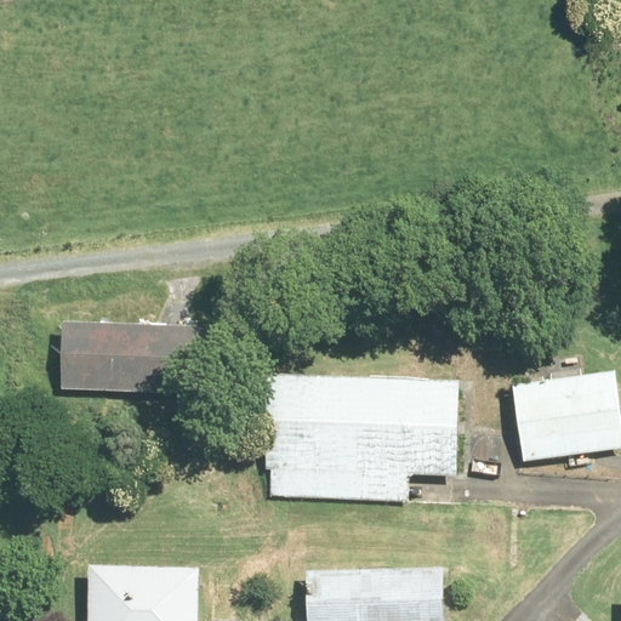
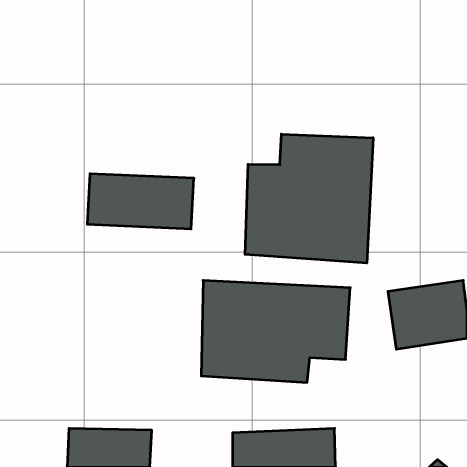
building: none -> [245,134,373,263]
building: [59,323,200,395] -> [87,174,194,229]

